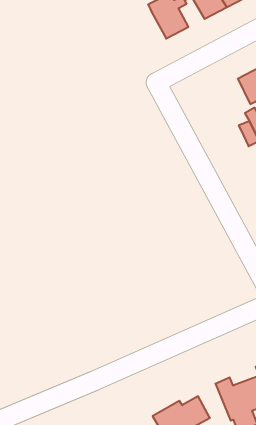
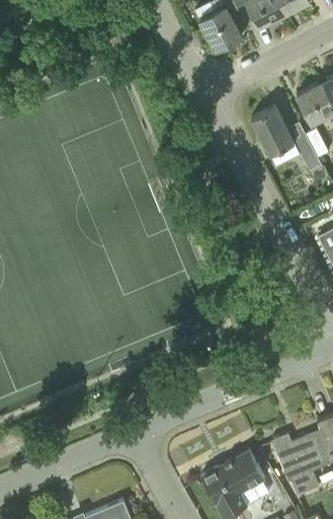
building: none -> [251,106,294,155]

